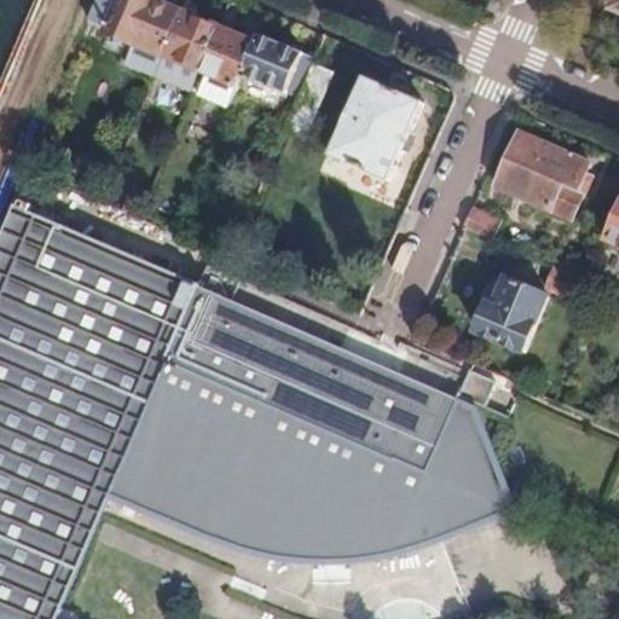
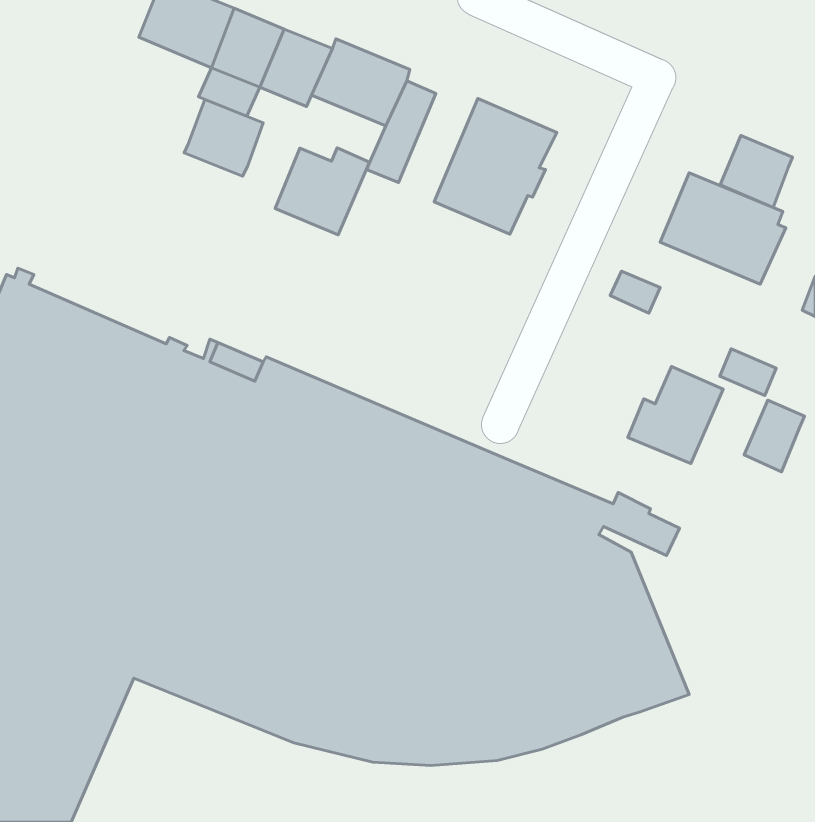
building: none -> [184,99,263,176]
building: none -> [720,135,792,208]
building: none -> [275,148,370,235]
building: none -> [744,400,804,472]

